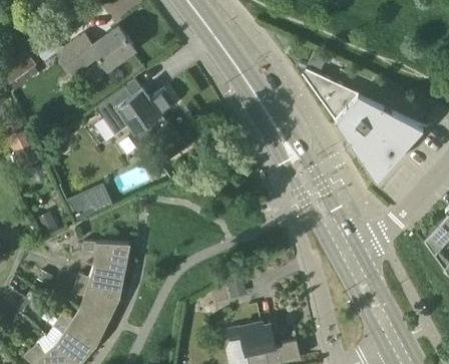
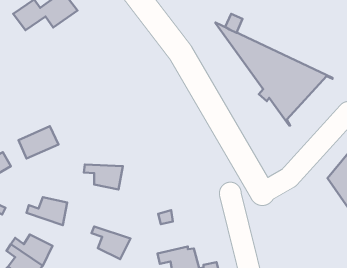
building: [95,85,173,147] -> none
building: [83,242,128,271] -> [84,165,123,190]
building: [73,283,118,321] -> [92,226,131,259]

